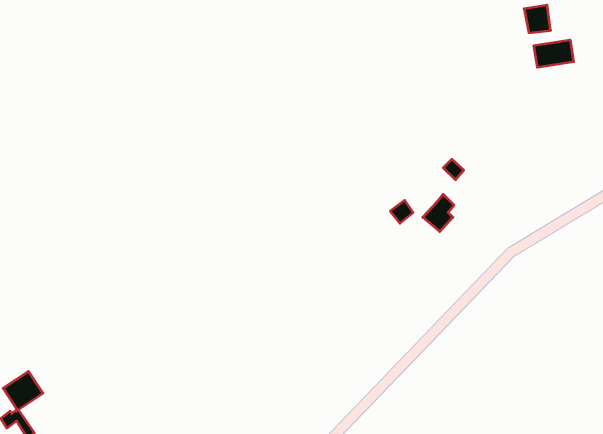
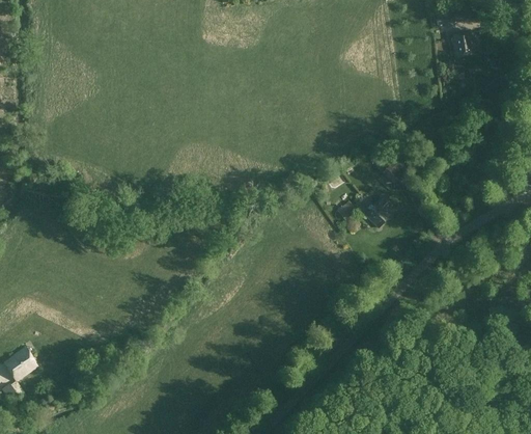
building: [534,40,574,67] -> none

